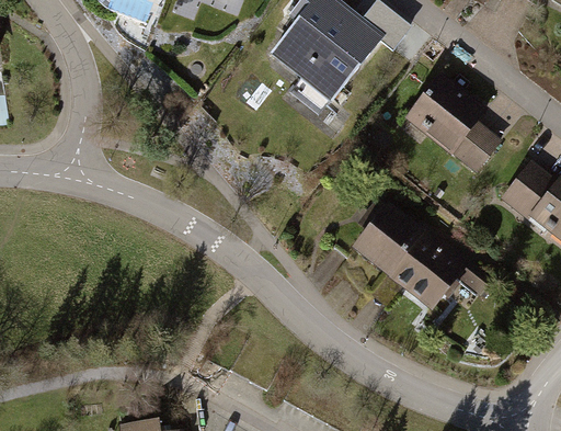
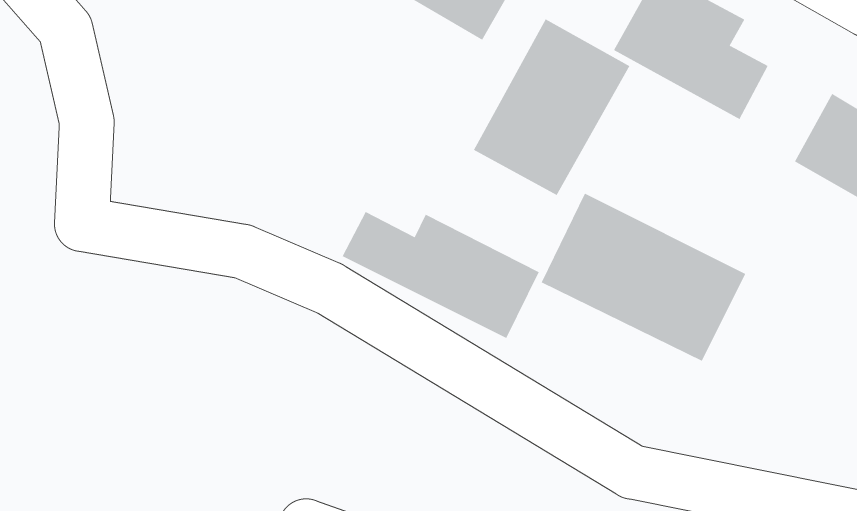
building: none -> [473,18,630,196]
building: none -> [342,211,540,339]

